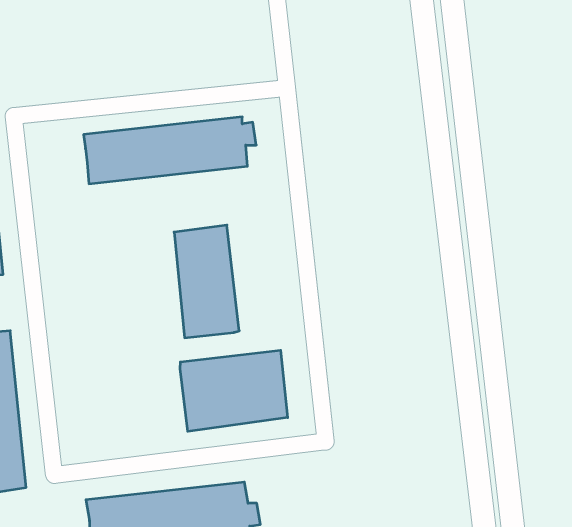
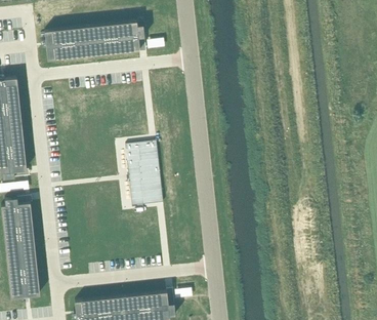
building: [84,117,256,184] -> [45,22,145,61]
building: [180,350,288,431] -> none

